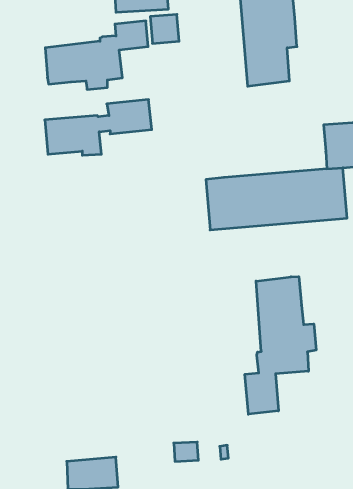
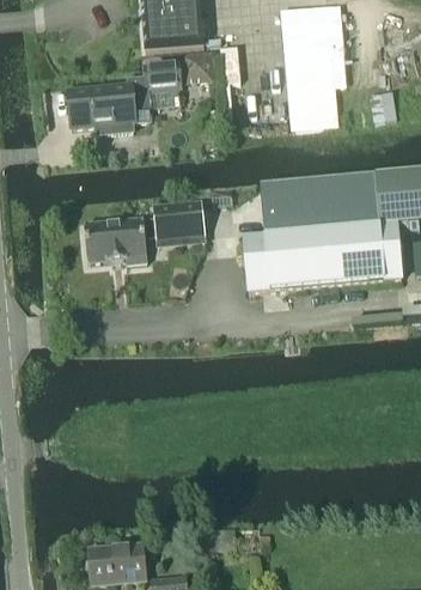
building: [45,100,152,155] -> [84,199,203,261]
building: none -> [261,172,379,231]
building: [245,277,316,414] -> none

